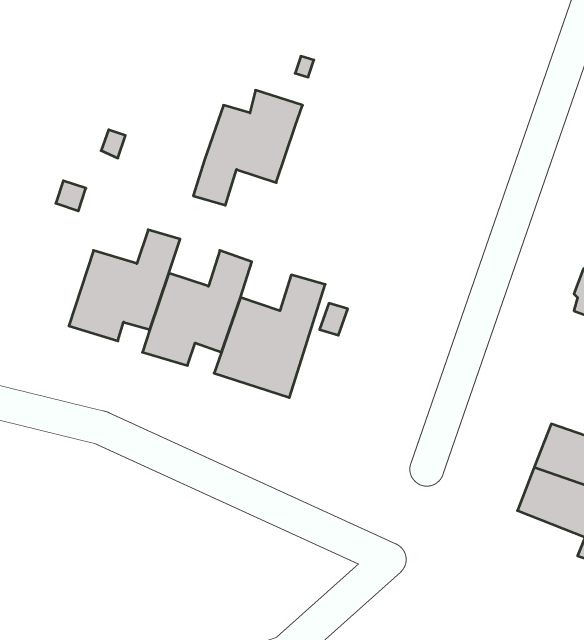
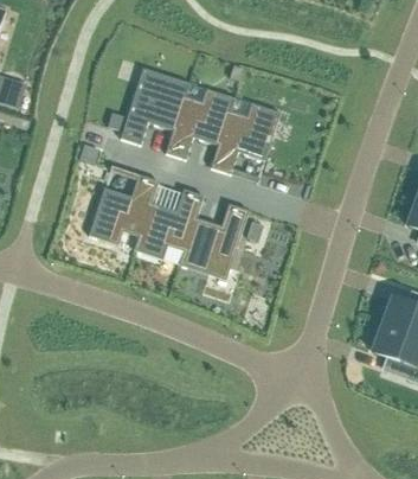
building: none -> [120,68,188,145]
building: none -> [211,102,281,173]

